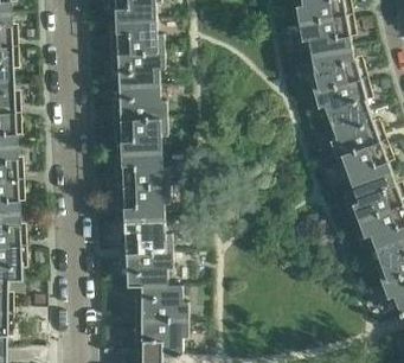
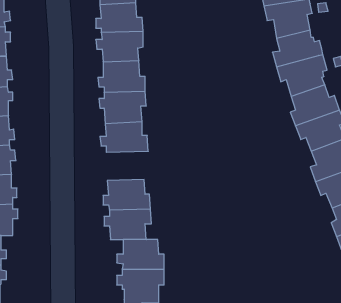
building: [116,187,169,221] -> none

